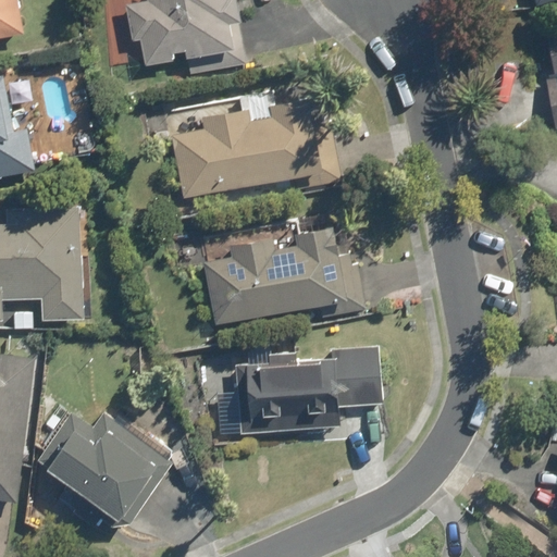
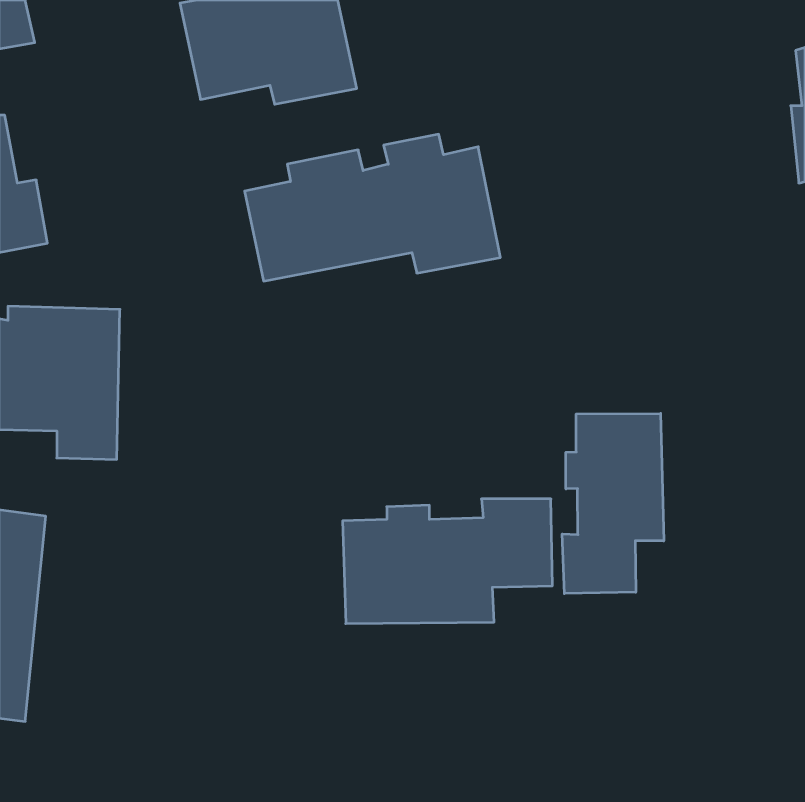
building: [200,221,363,326] -> none
building: none -> [562,413,664,594]
building: [32,407,170,523] -> none

